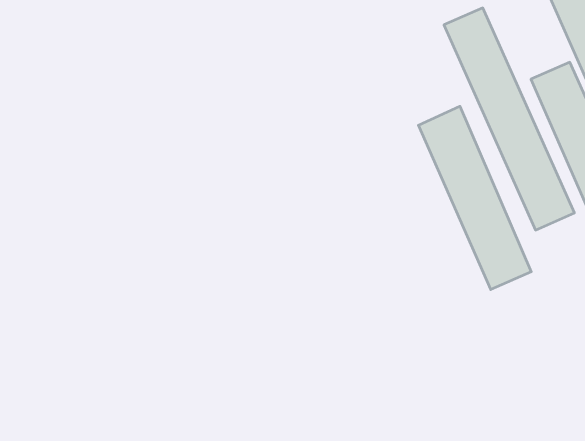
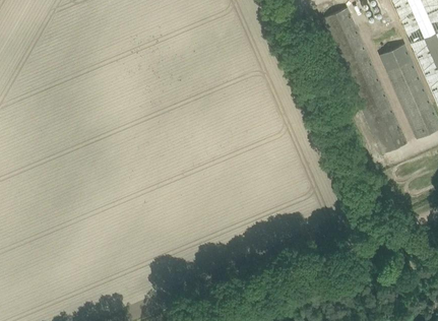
building: [418,106,531,290] -> none

